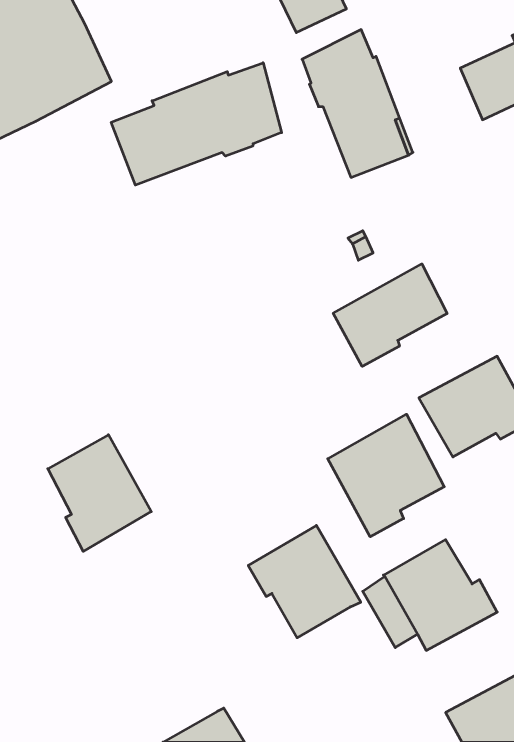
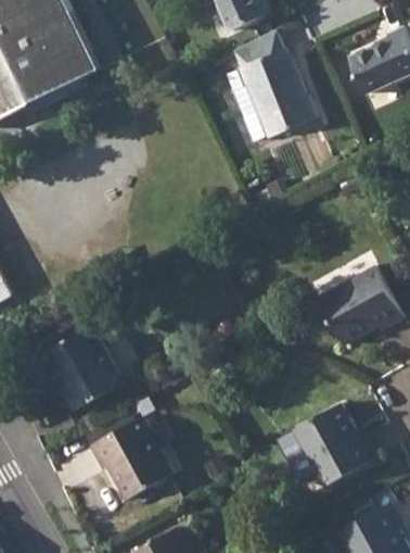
building: [111,63,282,185] -> none
building: [333,264,447,366] -> none
building: [328,414,444,537] -> none
building: [248,525,361,638] -> [91,416,174,499]

